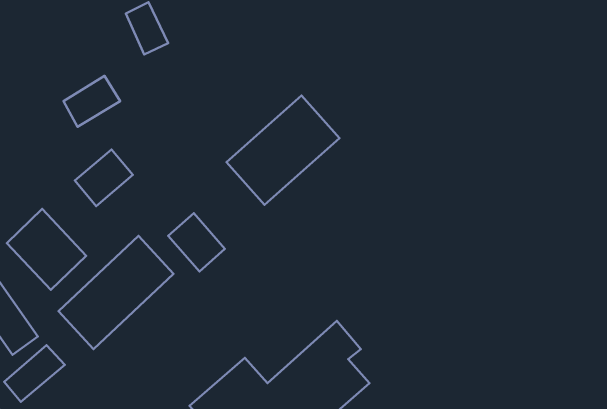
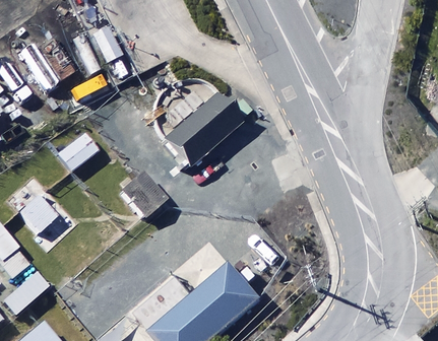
building: [58,236,173,349] -> none

